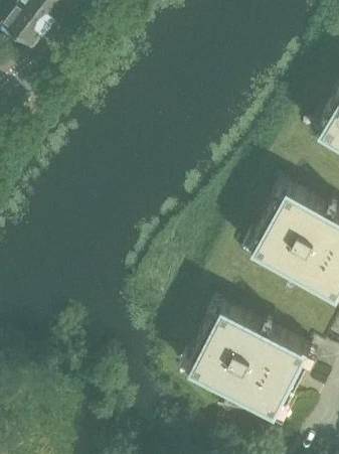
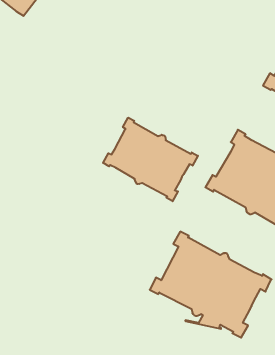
building: none -> [103,118,198,201]

